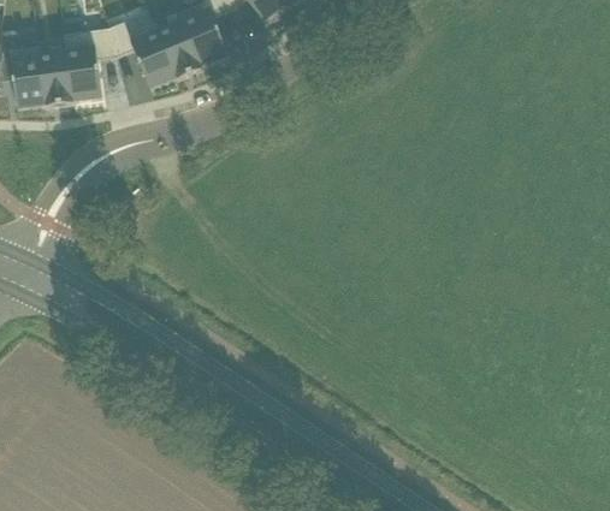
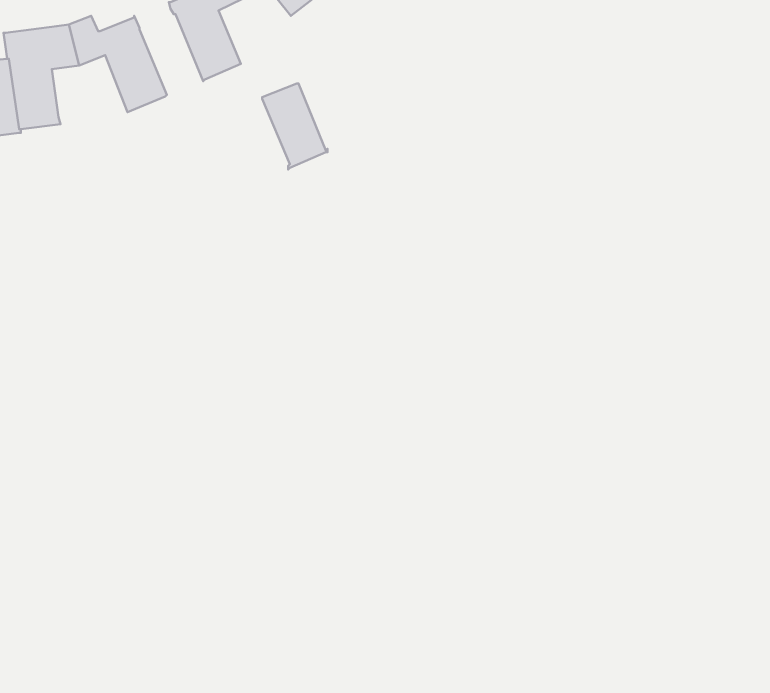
building: [158,19,203,79] -> [262,83,328,169]

